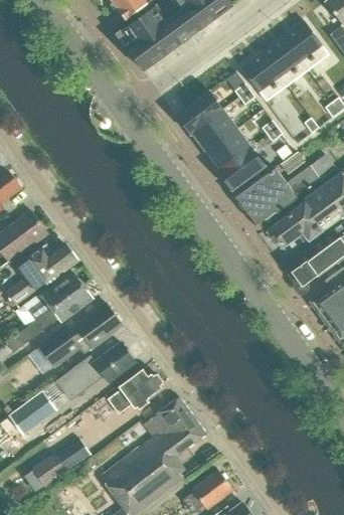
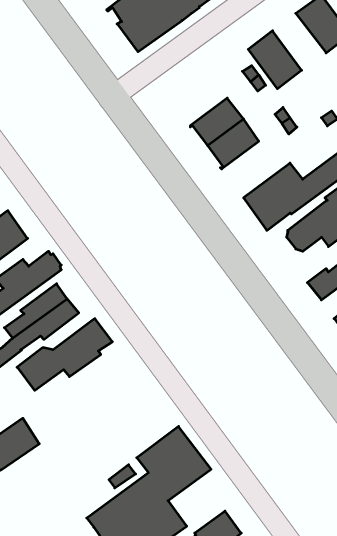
building: [261,38,307,88] -> none
building: [175,93,221,136] -> none
building: [216,149,263,192] -> none
building: [56,342,137,397] -> none
building: [108,371,163,414] -> none
building: [32,438,91,487] -> none

